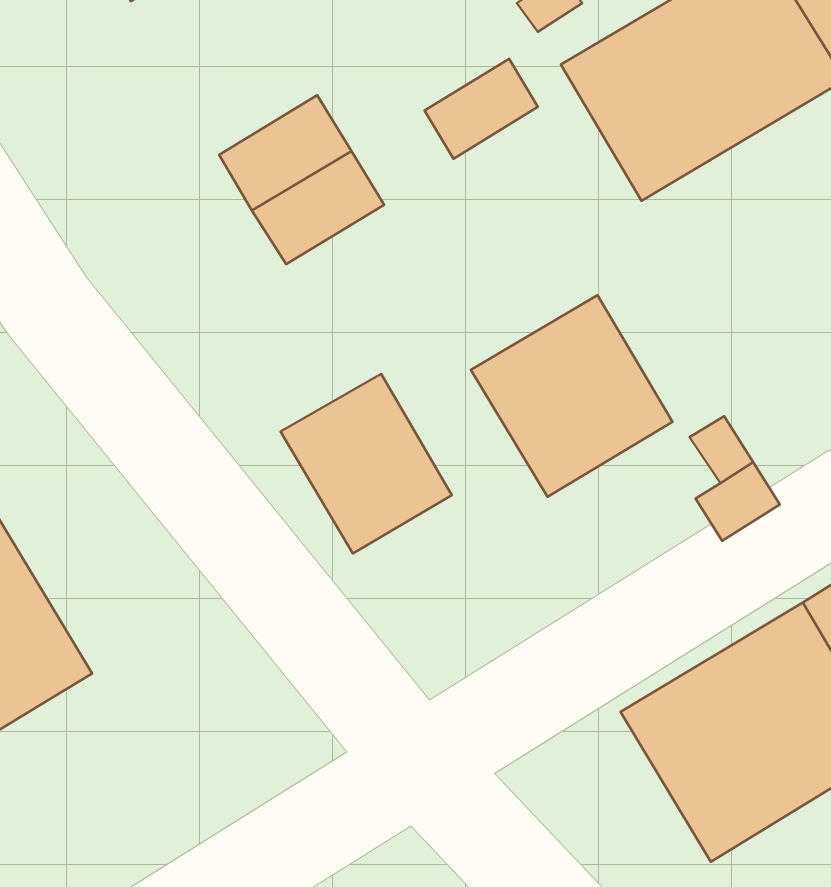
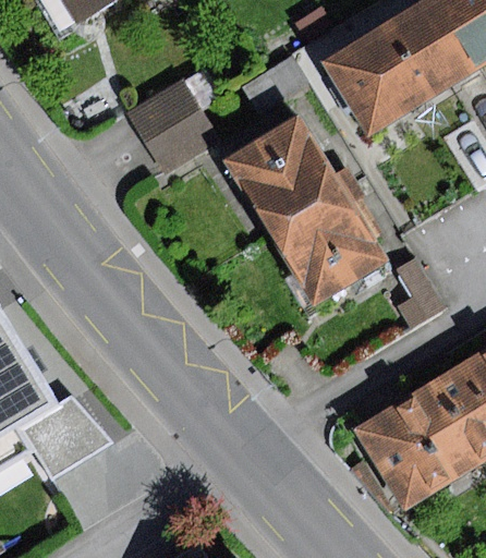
building: none -> [226,116,341,232]
building: [281,374,452,554] -> none
building: none -> [19,396,111,480]

